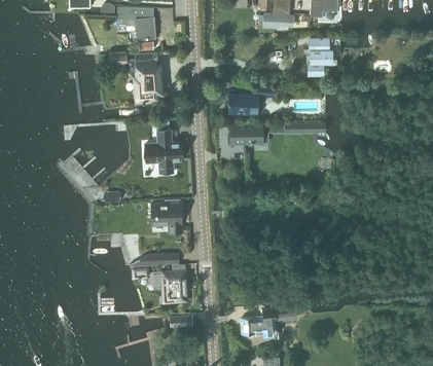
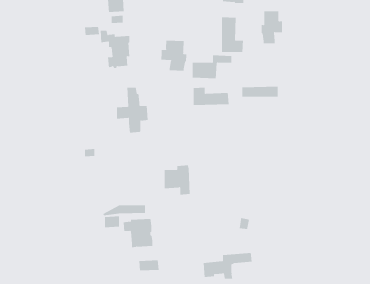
building: none -> [221,17,244,53]
building: none -> [161,40,187,71]
building: [151,197,181,231] -> [164,165,190,195]

